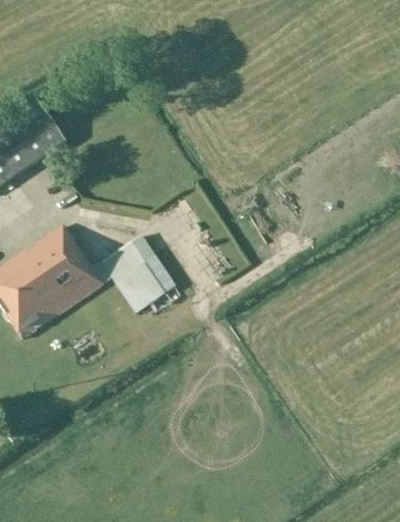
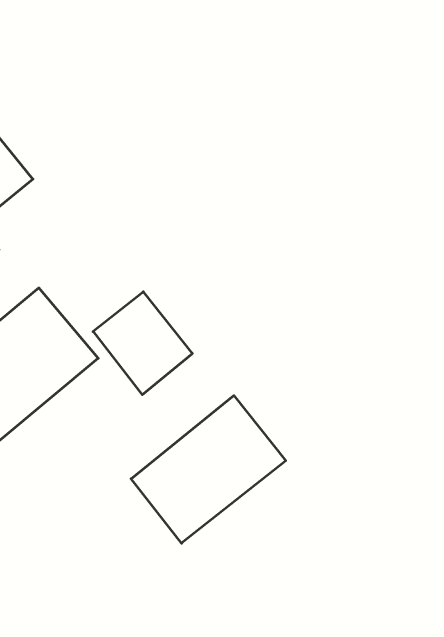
building: none -> [131,396,286,543]

